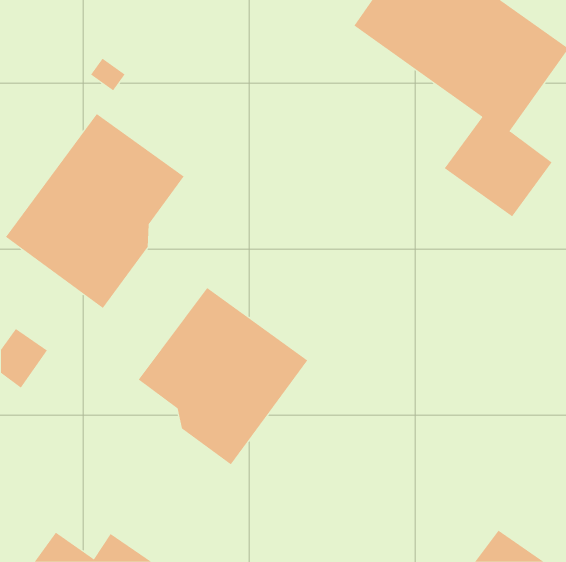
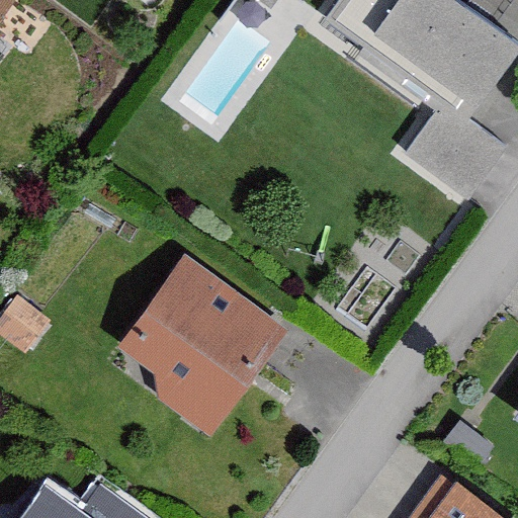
building: [5,113,184,309] -> none

